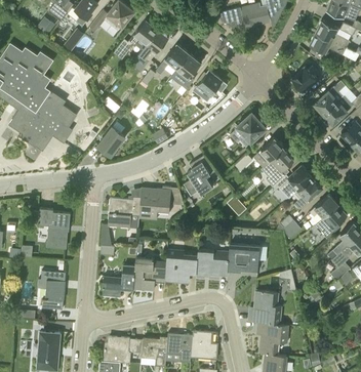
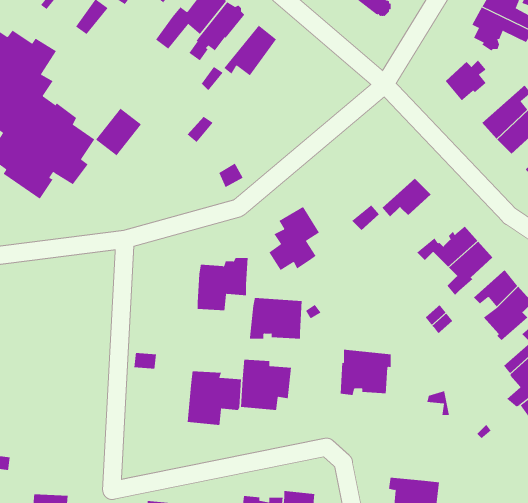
building: [171,53,200,90] -> none
building: [193,71,226,100] -> none
building: [229,114,265,147] -> none
building: [96,127,125,157] -> [95,108,142,156]
building: [260,149,293,187] -> none
building: [107,198,139,229] -> none
building: [38,209,70,248] -> none
building: [195,250,228,276] -> [249,298,303,339]
building: [102,265,134,297] -> none
building: [37,272,65,309] -> none
building: [247,291,281,325] -> none

